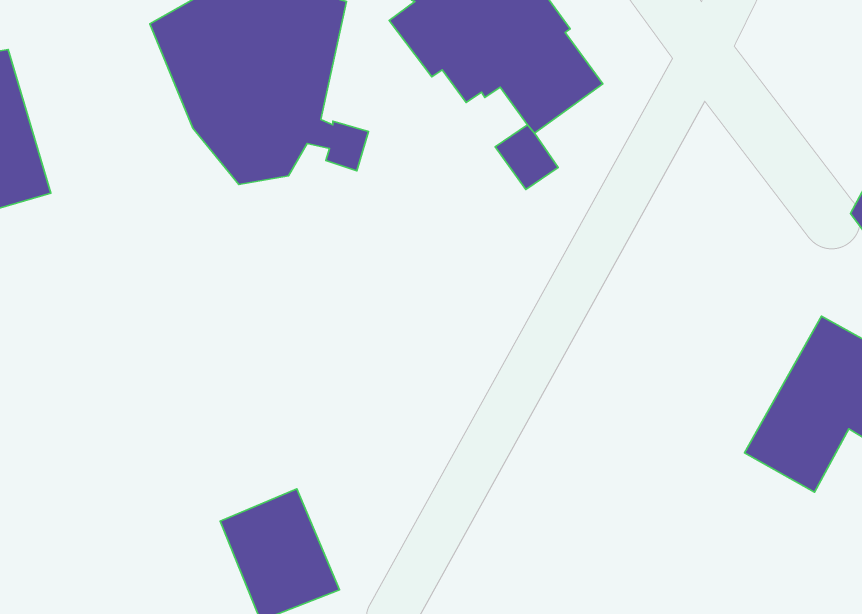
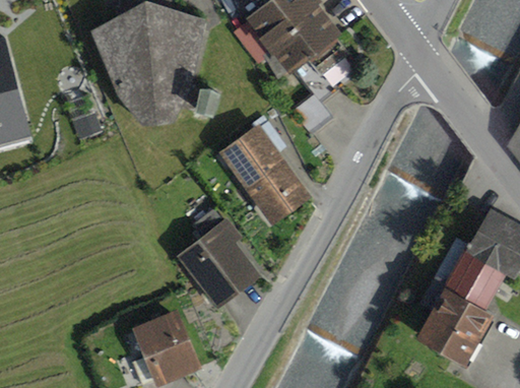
building: none -> [217,122,313,225]
building: none -> [177,215,262,309]
building: none -> [413,286,494,368]

